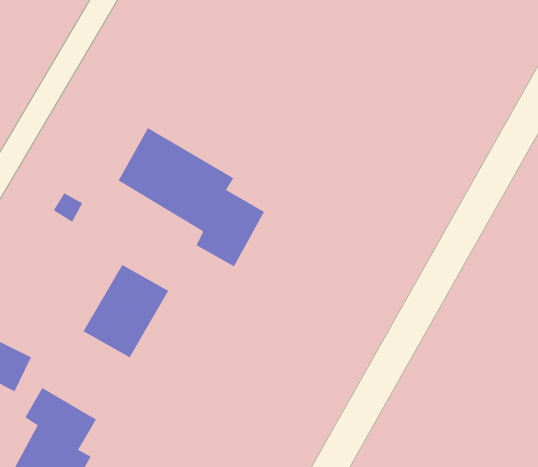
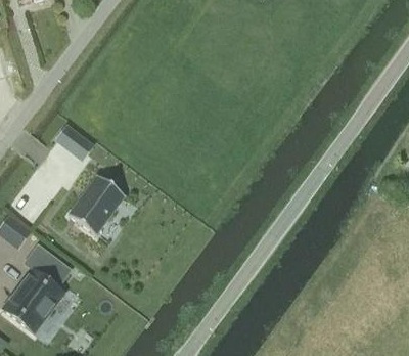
building: [118,127,265,267] -> none

